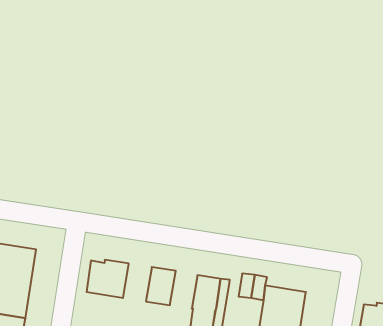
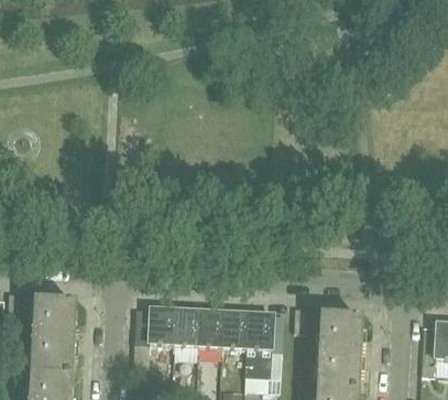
building: none -> [173,309,199,346]
building: none -> [222,311,248,348]

